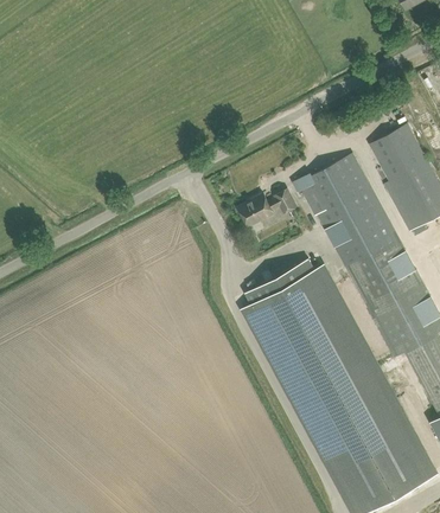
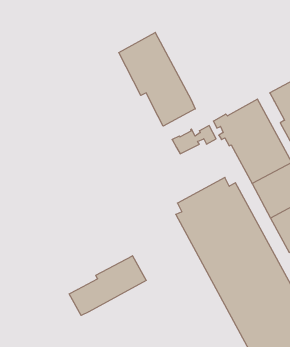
building: none -> [119,32,195,126]
building: none -> [69,256,146,315]

